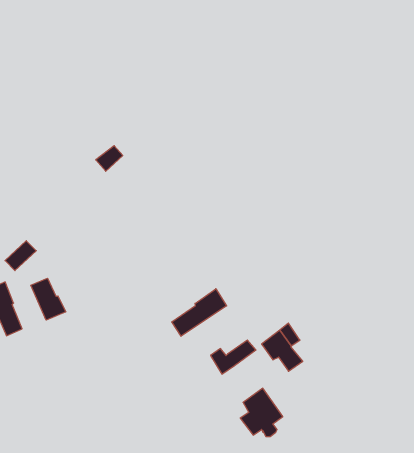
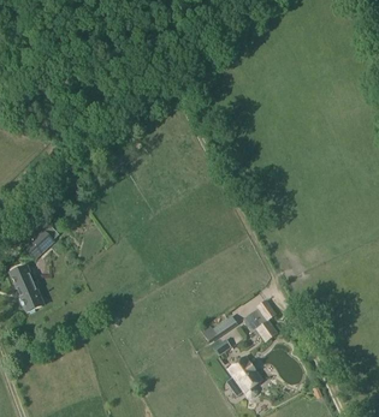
building: [31,278,66,320] -> none
building: [172,289,227,336] -> none

